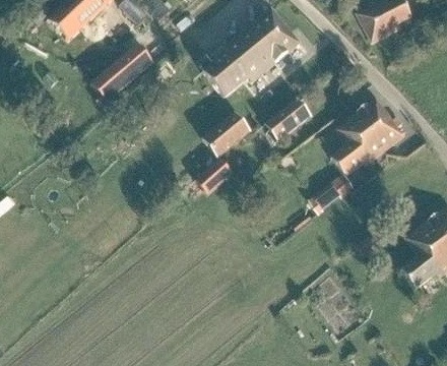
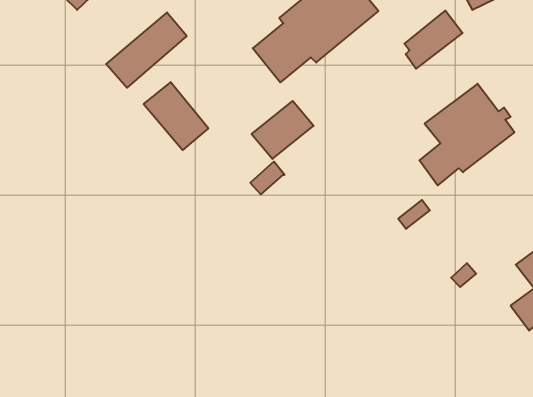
building: none -> [144,82,208,150]
building: [266,98,311,142] -> [404,11,463,69]

